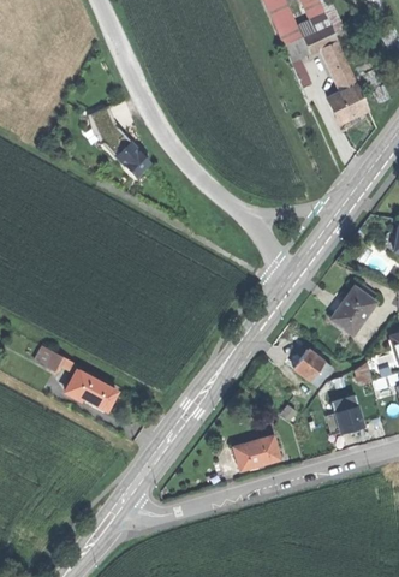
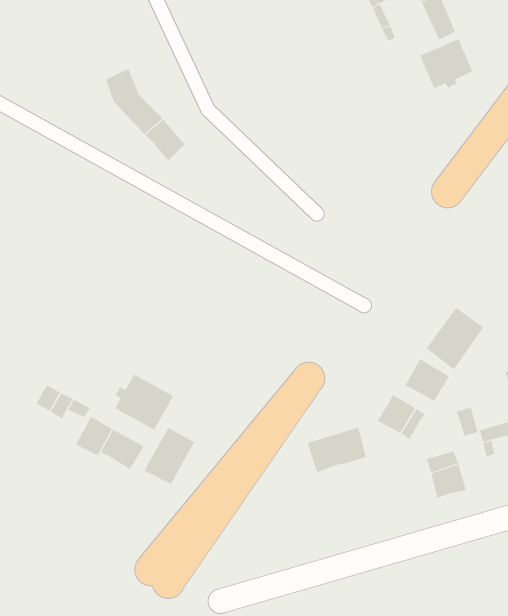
building: none -> [405,358,450,402]
building: none -> [114,374,174,430]
building: none -> [143,427,195,485]
building: [234,438,280,472] -> [307,427,367,473]

